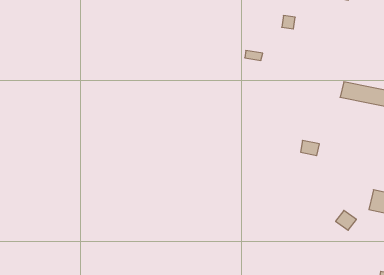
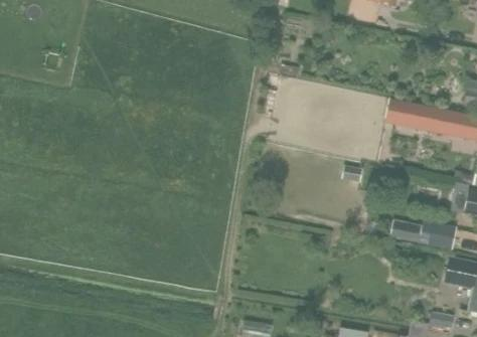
building: none -> [390,219,423,242]

